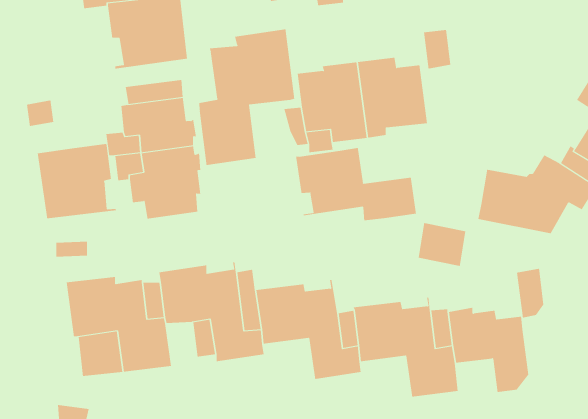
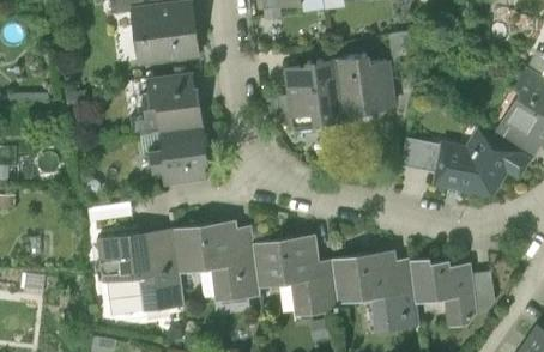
building: [199,28,295,166] -> none
building: [37,143,117,219] -> none
building: [295,147,417,221] -> none
building: [418,222,466,267] -> [401,138,441,174]
building: [516,268,544,318] -> [471,272,494,312]

